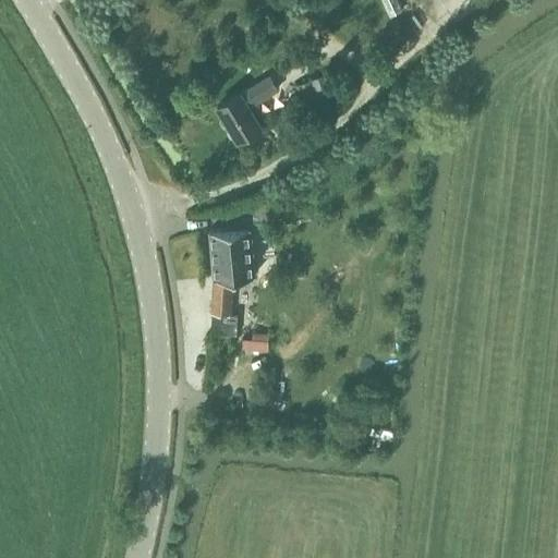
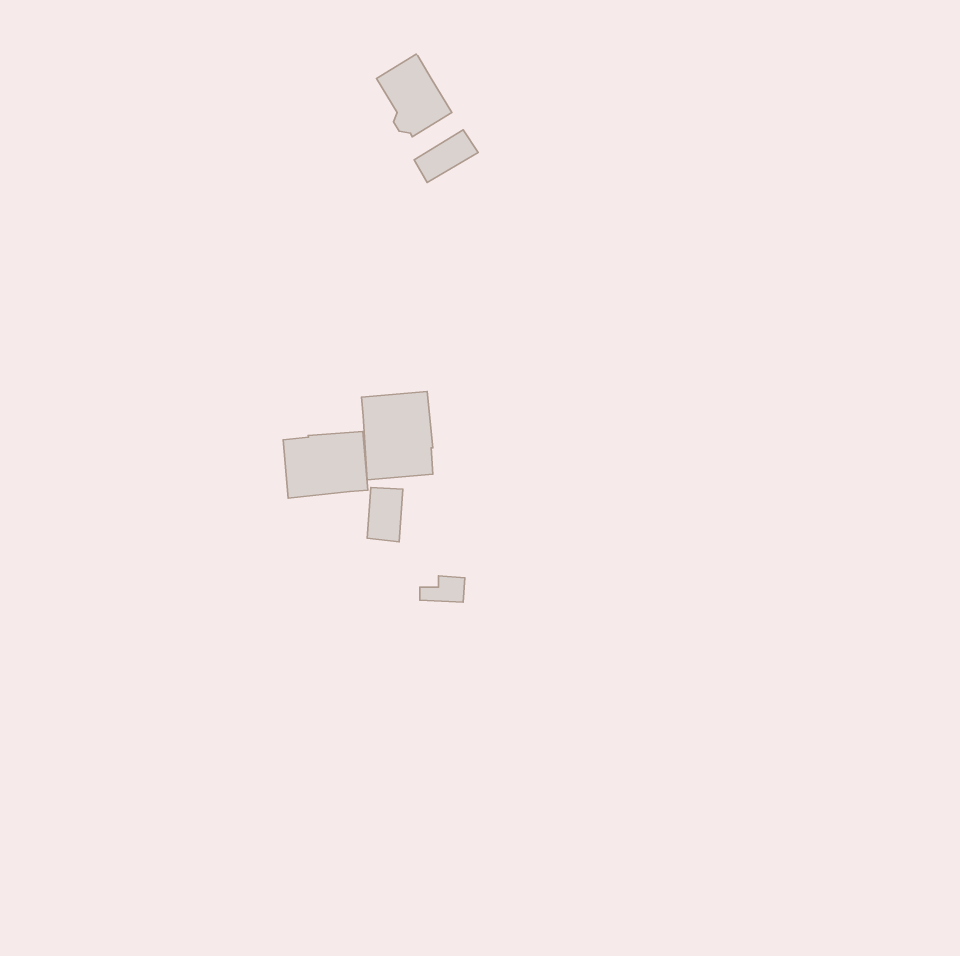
building: [216,95,259,143] -> [377,54,452,137]
building: none -> [283,432,368,498]

